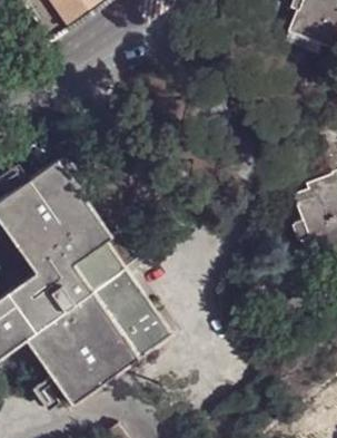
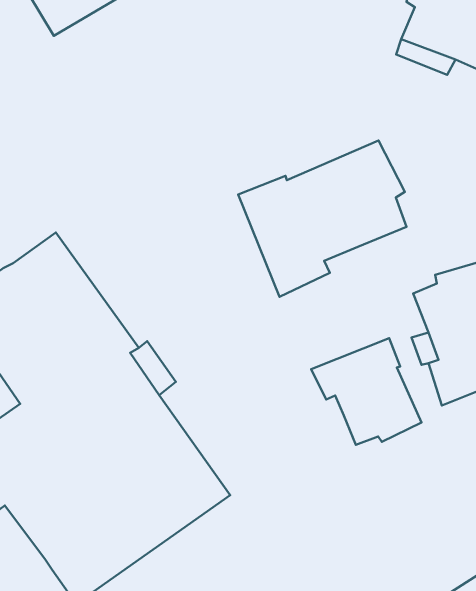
building: none -> [238,140,407,297]
building: none -> [311,338,421,445]

